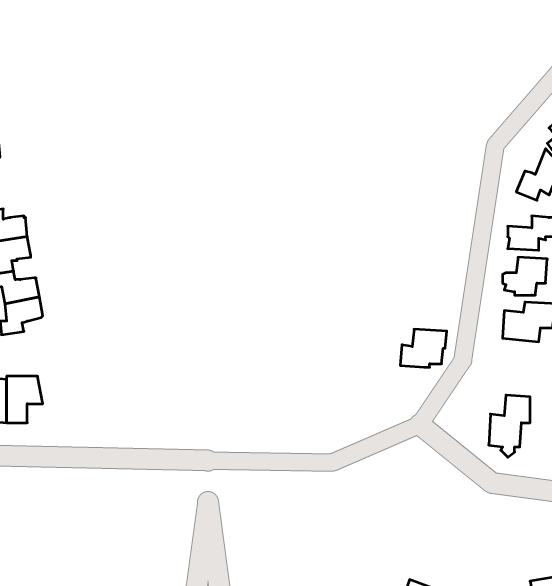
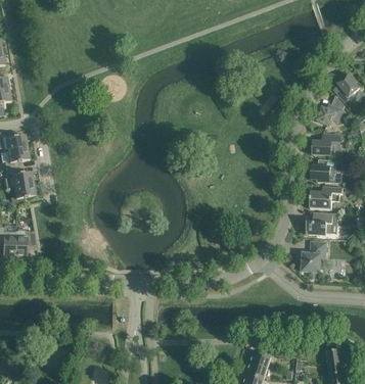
building: [400,329,447,367] -> [305,212,332,235]

